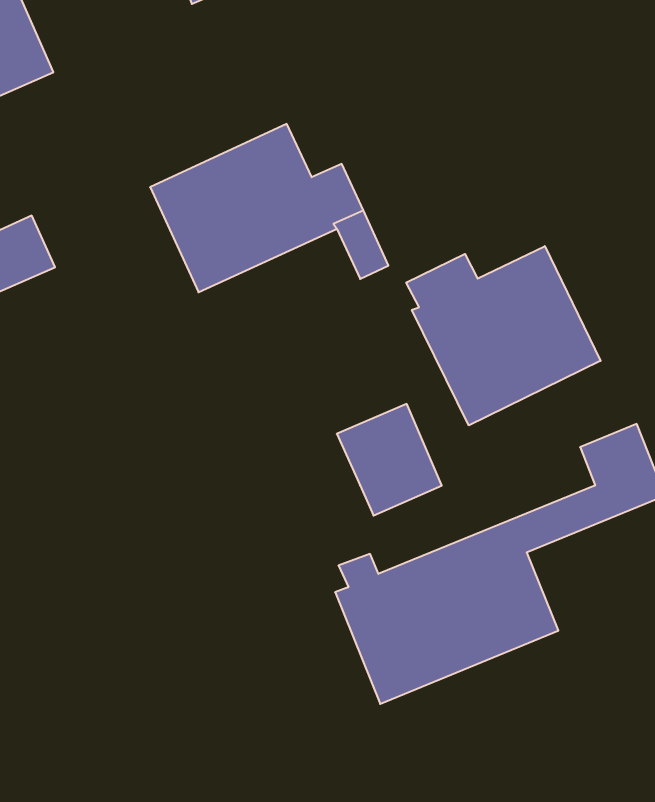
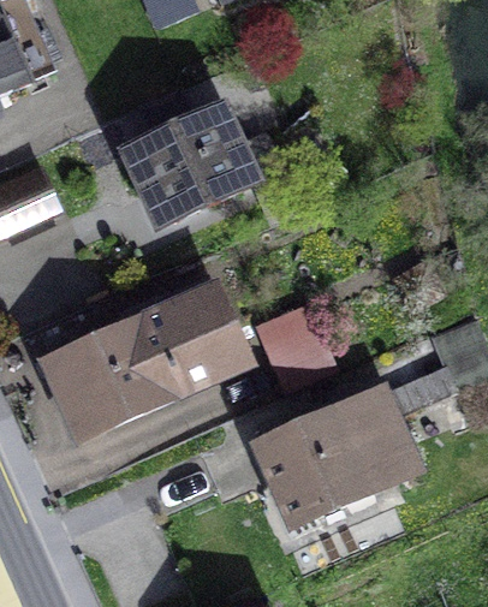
building: [406,246,601,425] -> none
building: none -> [42,278,244,438]

